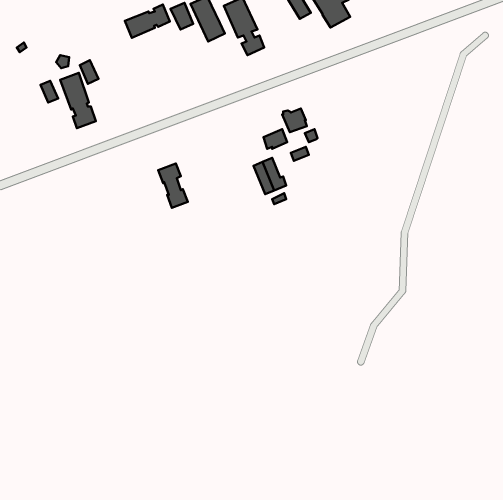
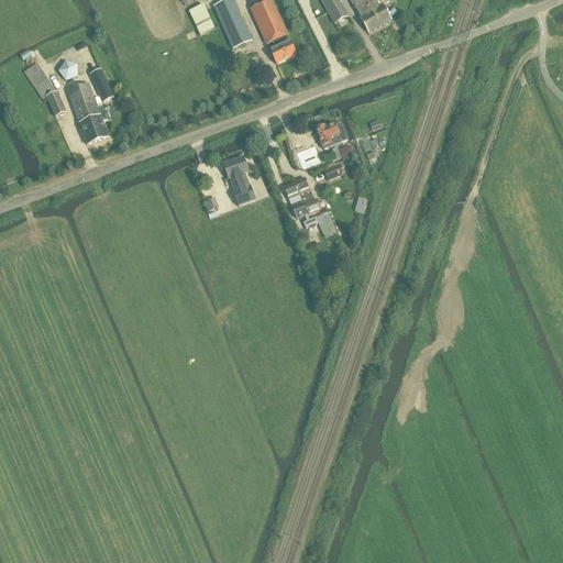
building: [125,5,170,38] -> none
building: none -> [23,60,54,97]
building: [158,163,188,208] -> [222,155,255,205]

